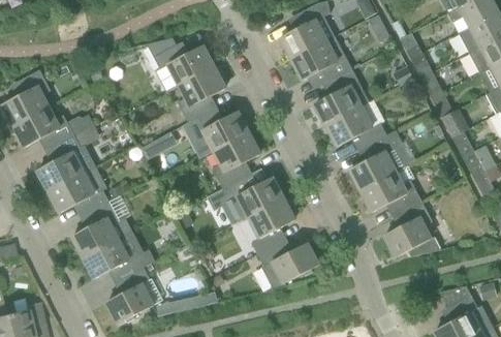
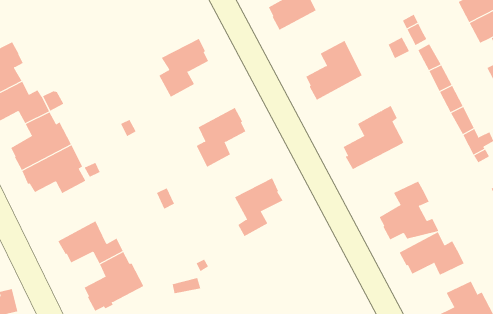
building: [290,35,352,81] -> none
building: [147,37,215,85] -> none
building: [325,105,386,147] -> none
building: [184,110,249,156] -> none
building: [359,171,421,212] -> [399,232,465,276]
building: [208,176,284,224] -> none
building: [71,201,132,257] -> none
building: [257,241,319,288] -> none

